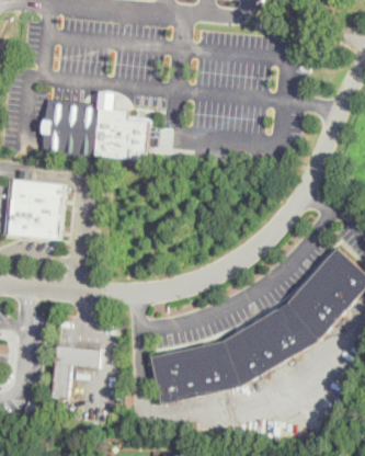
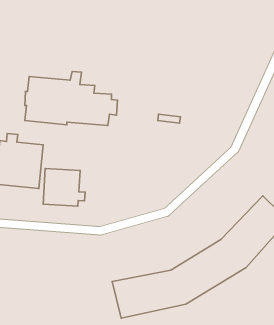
building: none -> [43,168,85,206]
building: [53,345,99,396] -> none

